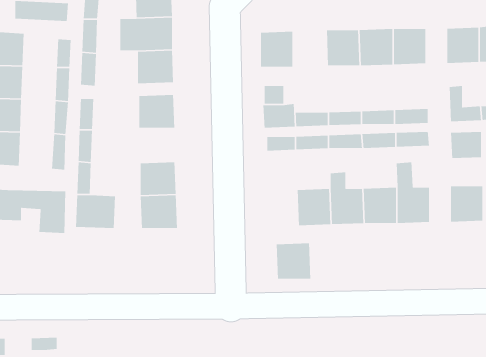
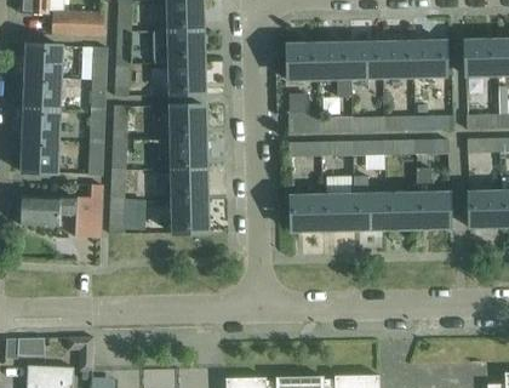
building: none -> [319,42,351,97]
building: none -> [171,137,206,170]
building: [276,243,311,279] -> [290,195,324,230]

